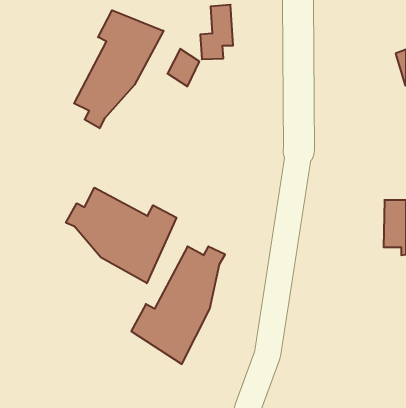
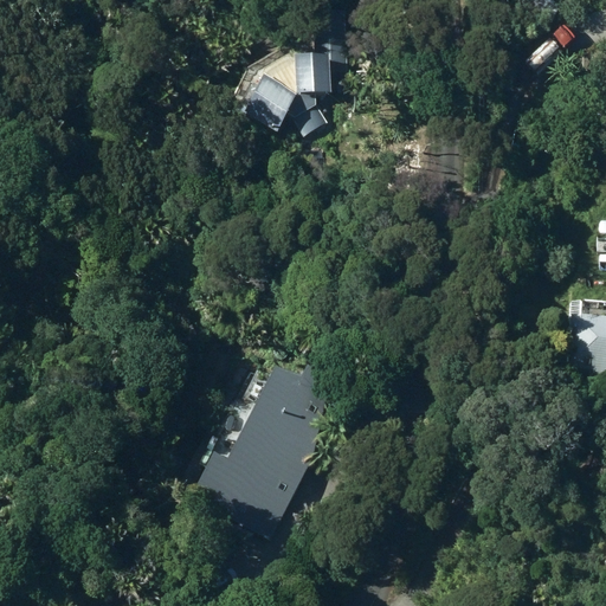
building: [74,10,164,128] -> none
building: [66,188,176,283] -> none

